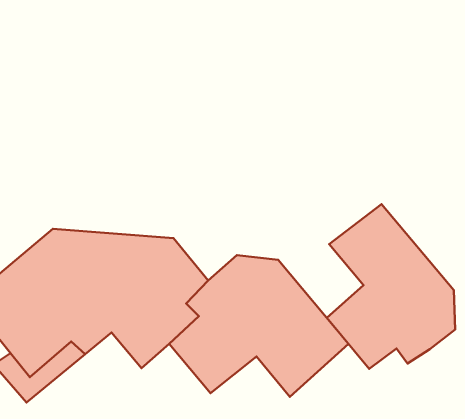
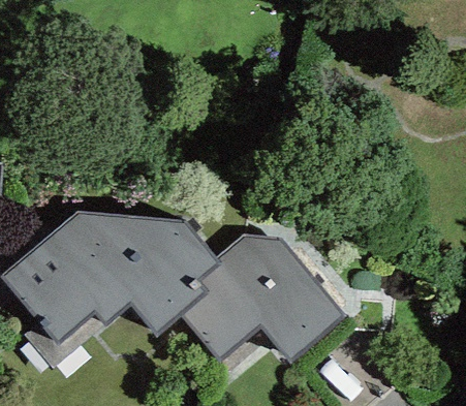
building: [327,204,455,369] -> none

